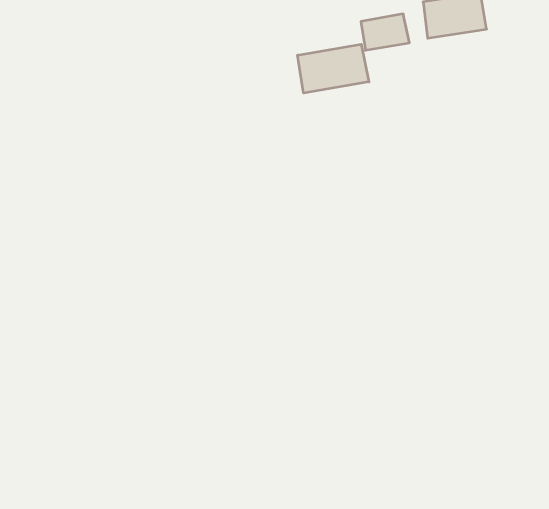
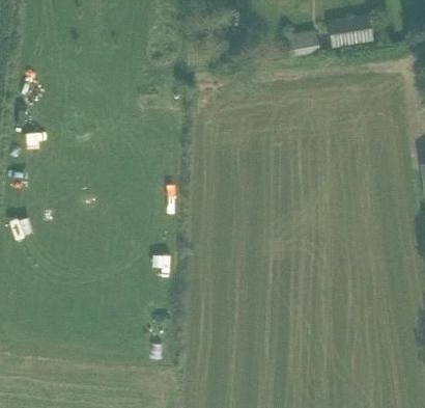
building: [298,44,369,93] -> none

